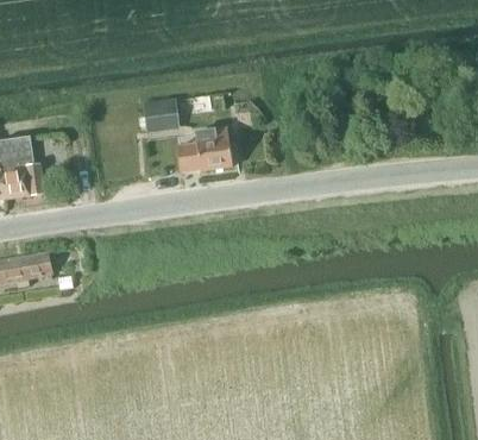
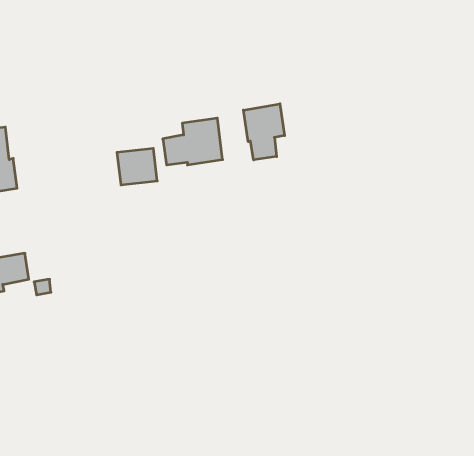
building: [144,99,181,132] -> [117,148,157,185]
building: none -> [243,104,285,160]

